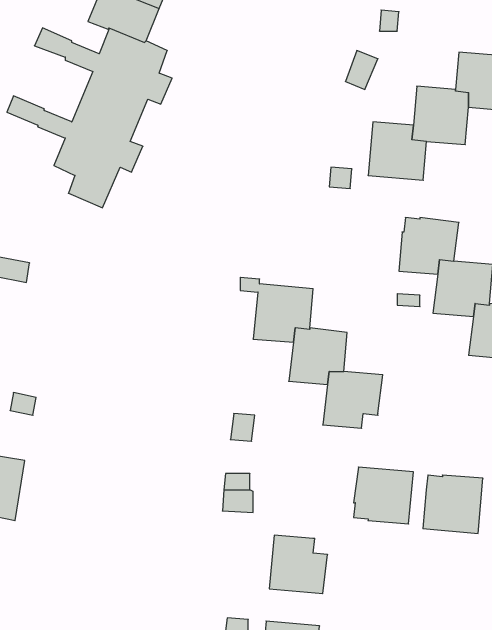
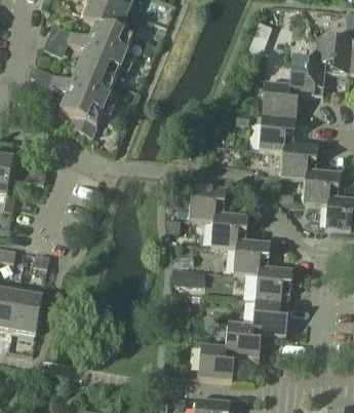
building: none -> [258,114,296,150]
building: [423,475,483,533] -> [254,265,292,302]
building: none -> [226,320,261,358]

